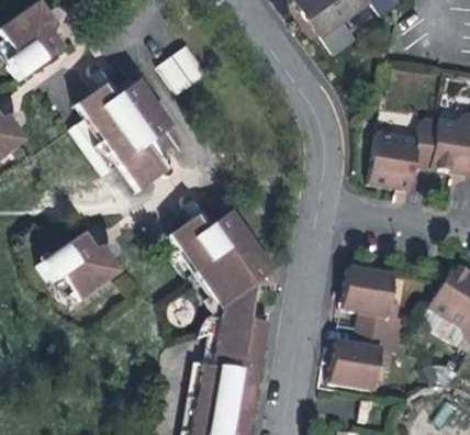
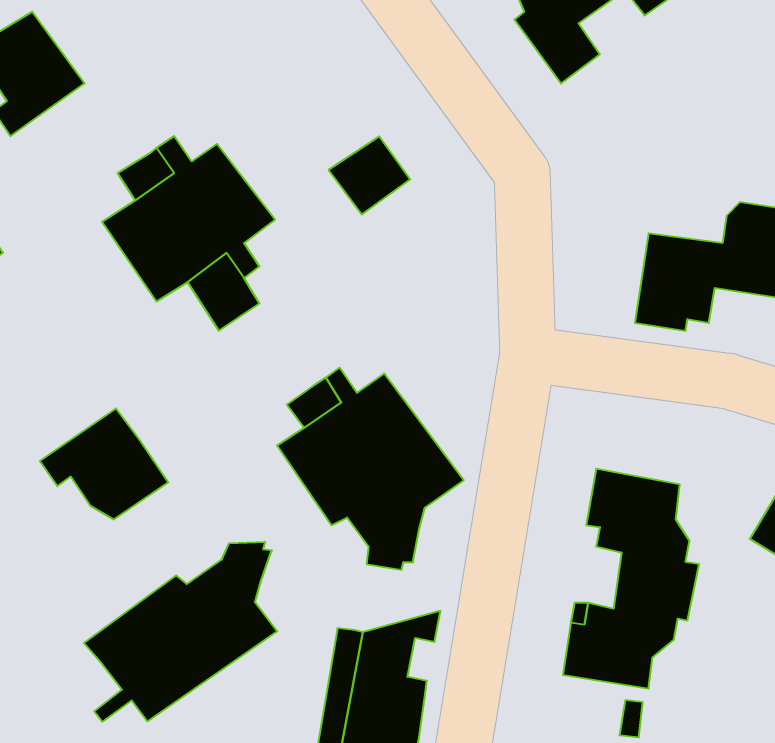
building: [158,47,204,91] -> [329,137,410,214]
building: none -> [84,542,277,722]
building: [212,316,266,360] -> none

